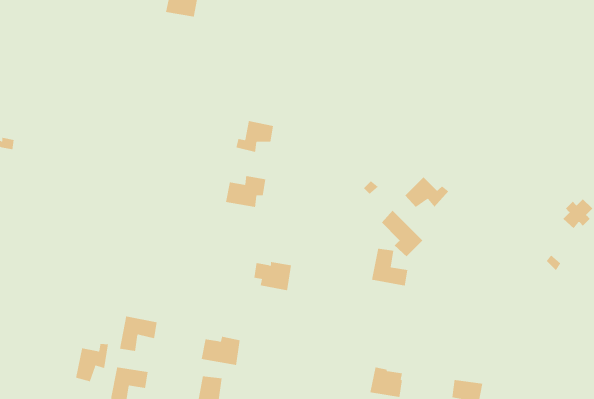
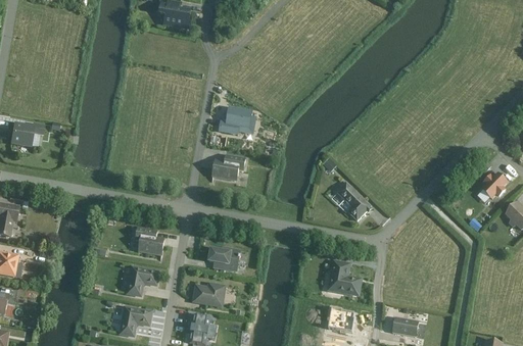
building: [405,177,449,208] -> none
building: [371,248,408,286] -> [329,262,359,293]
building: [253,261,292,291] -> [208,247,239,270]
building: none -> [135,227,163,254]
building: [76,343,109,382] -> none

